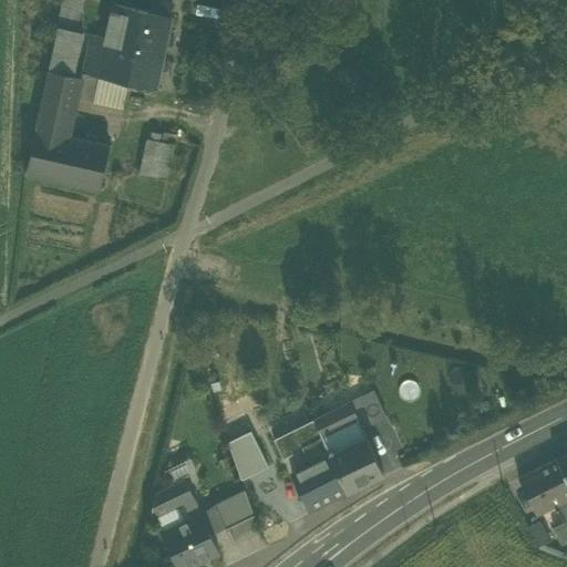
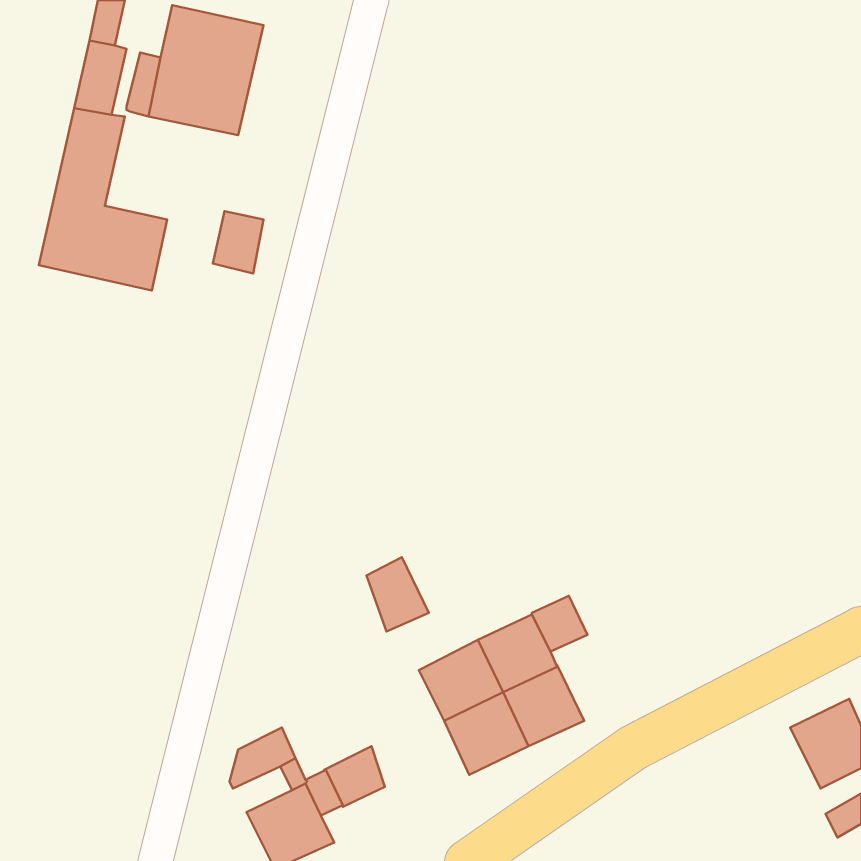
building: [227,431,268,480] -> [366,557,429,631]

